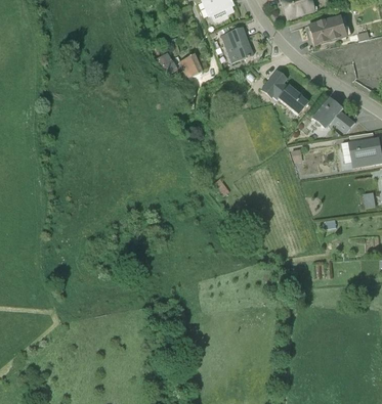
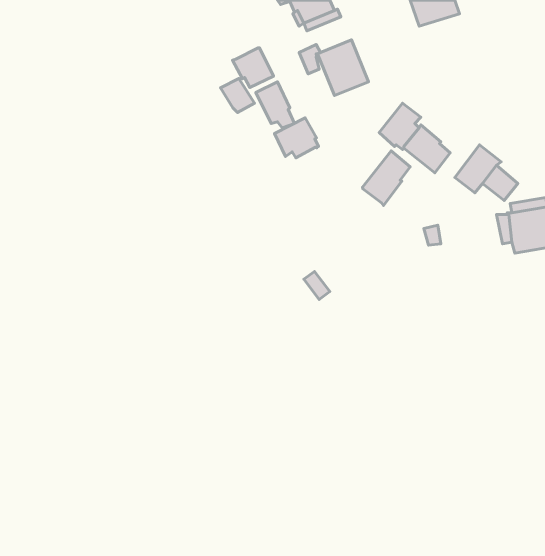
building: [308,13,347,45] -> none
building: none -> [232,48,274,87]
building: none -> [274,118,319,158]
building: none -> [362,151,410,206]

